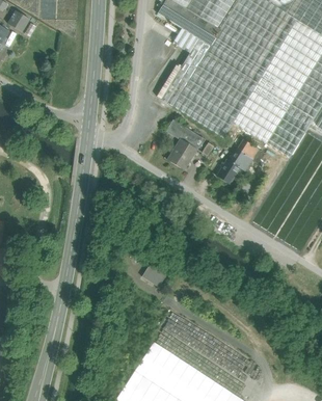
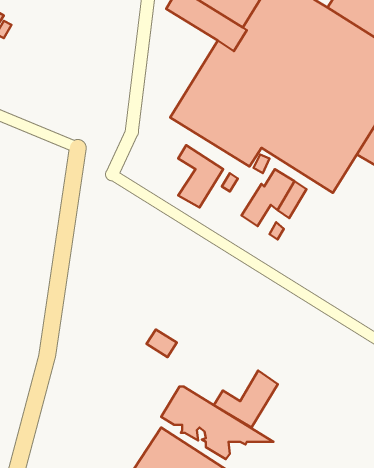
building: none -> [214,371,278,427]

